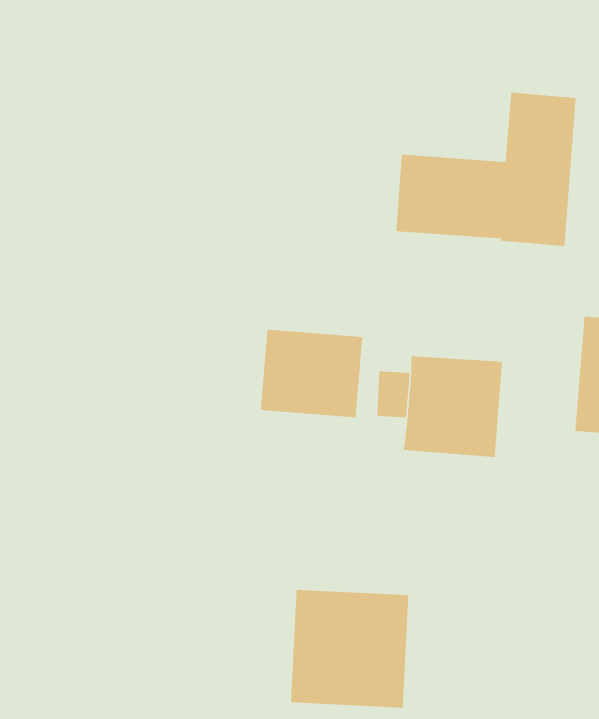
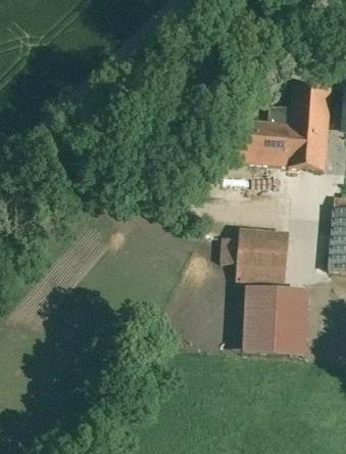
building: [260,329,363,418] -> none
building: [290,589,409,708] -> [243,290,307,355]

